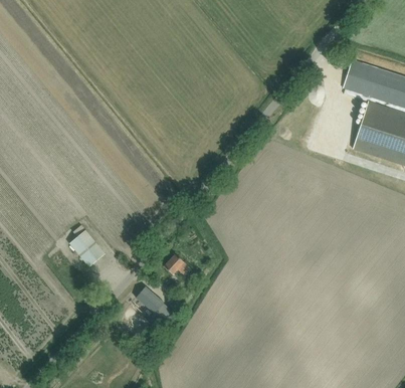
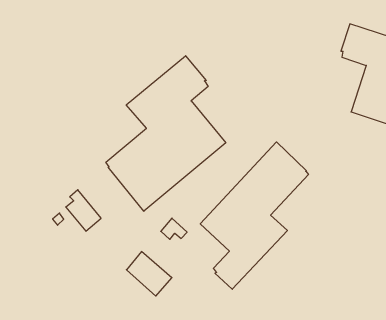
building: none -> [106,56,226,211]
building: none -> [200,142,308,289]

